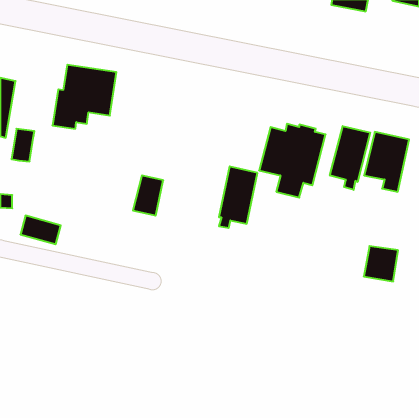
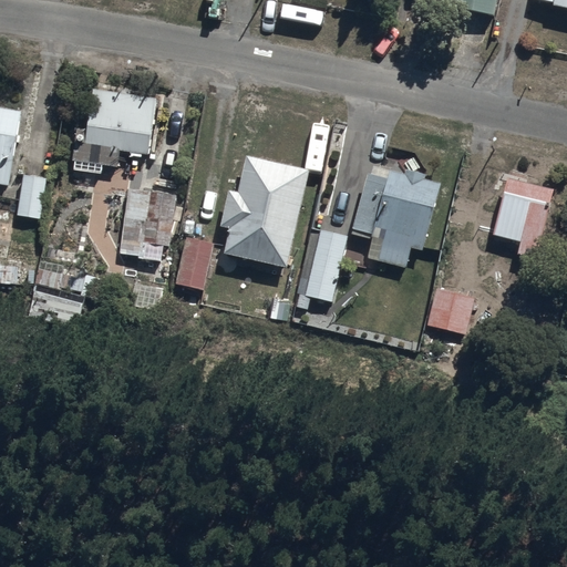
building: none -> [219,156,309,267]
building: [330,126,370,190] -> none
building: none -> [118,190,176,259]
building: [364,246,398,281] -> [426,287,473,334]

